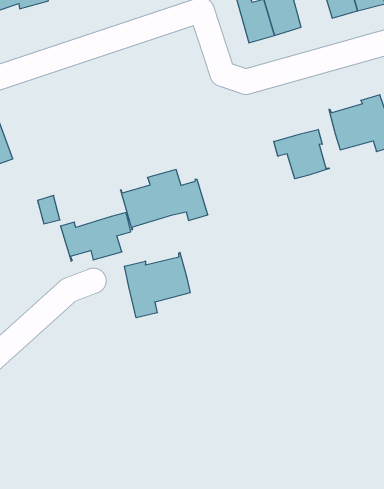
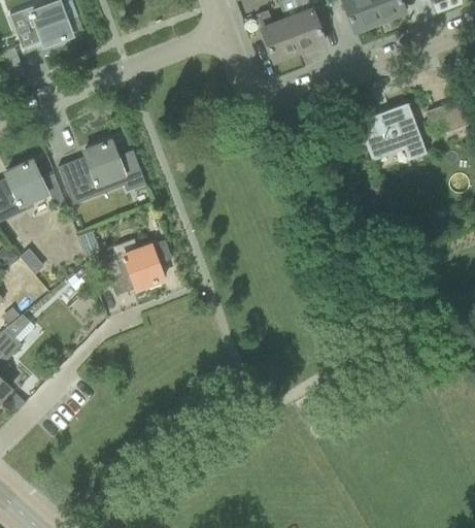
building: [274,129,329,179] -> none
building: [120,170,208,229] -> [59,140,147,203]
building: [125,252,190,318] -> none

